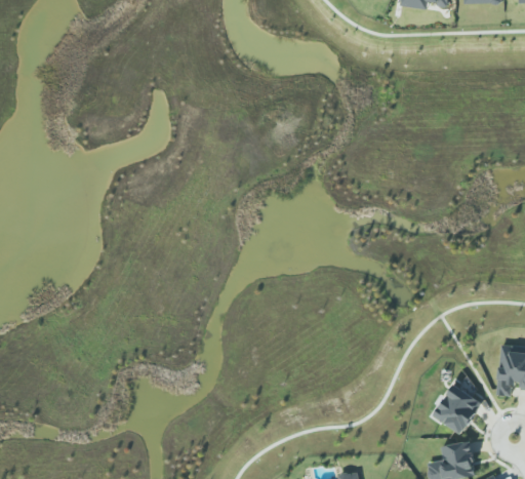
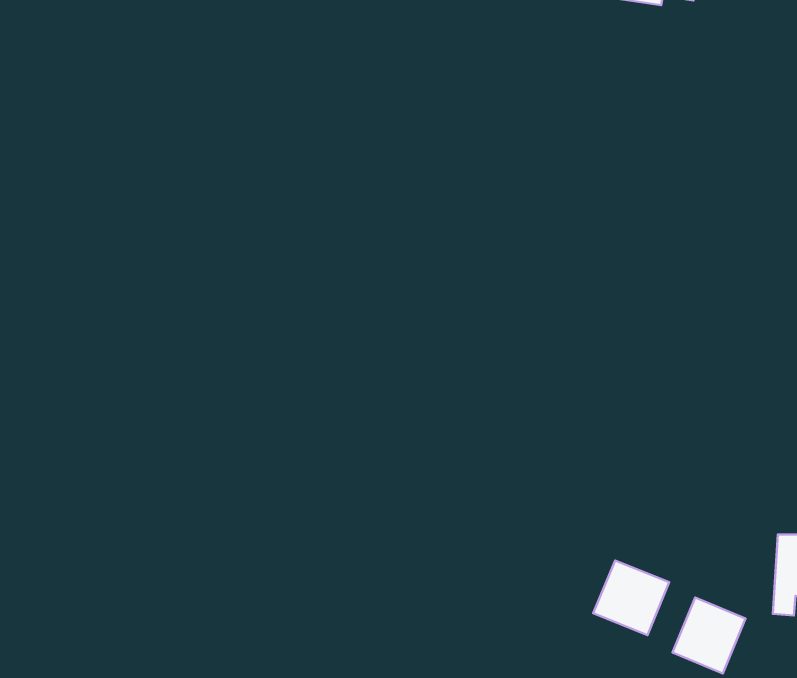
building: none -> [593,560,669,635]

